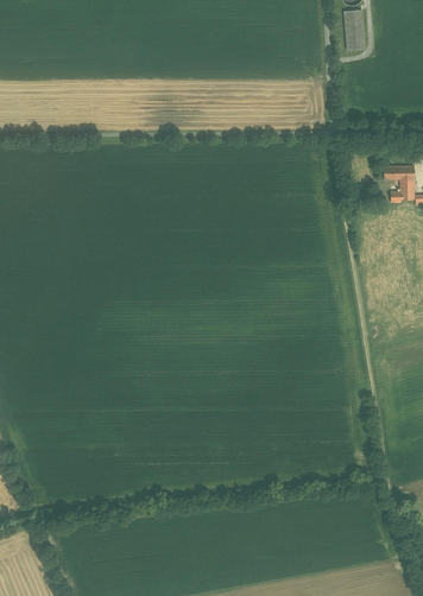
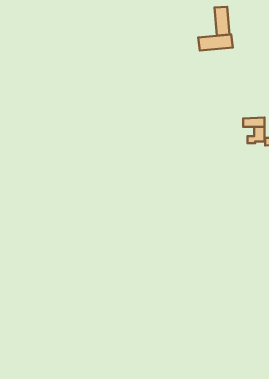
building: none -> [198,34,233,51]

